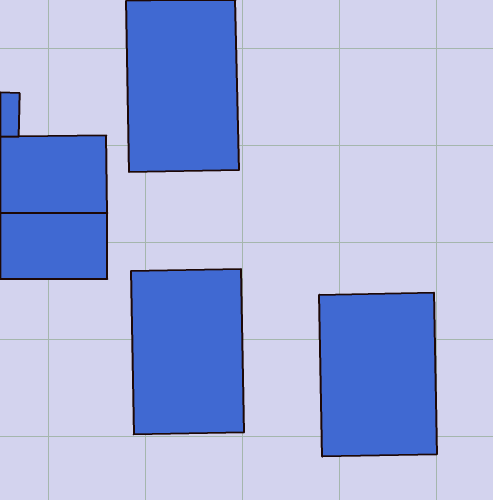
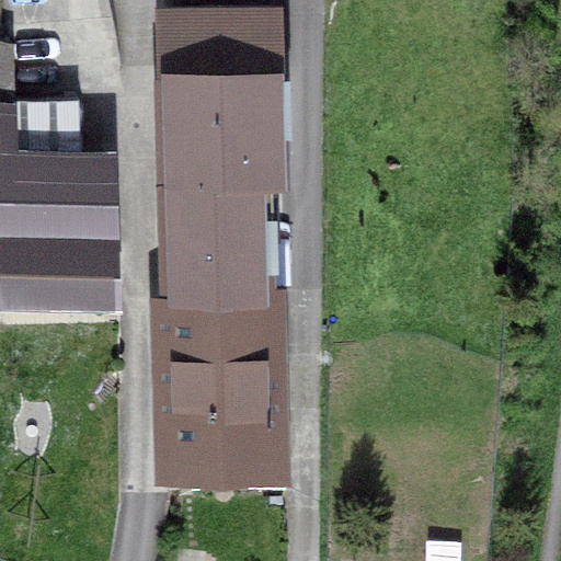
building: none -> [154,192,279,305]
building: [319,293,437,457] -> none

